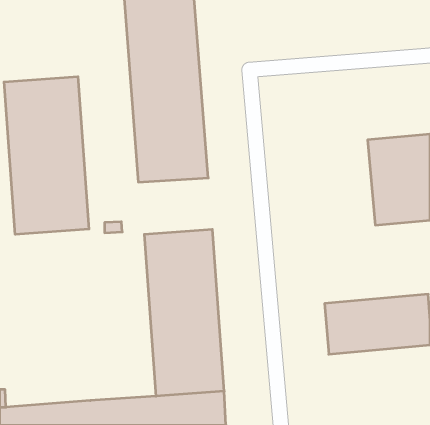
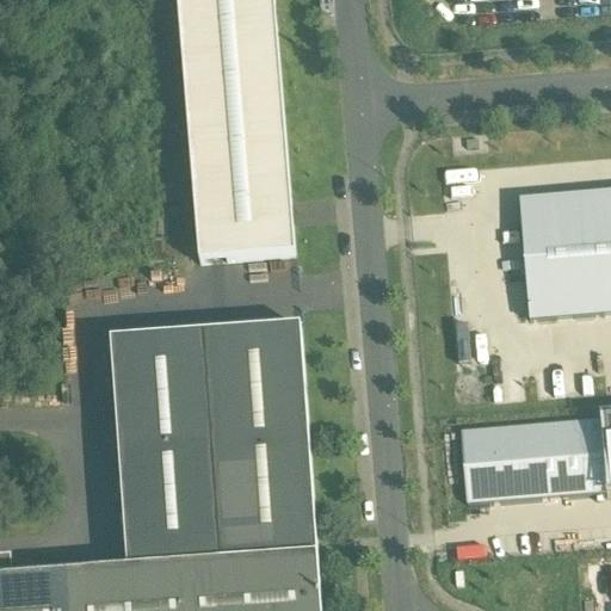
building: [4,77,89,234] -> none
building: none -> [111,332,221,567]

